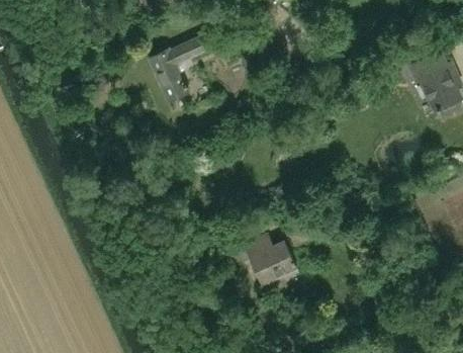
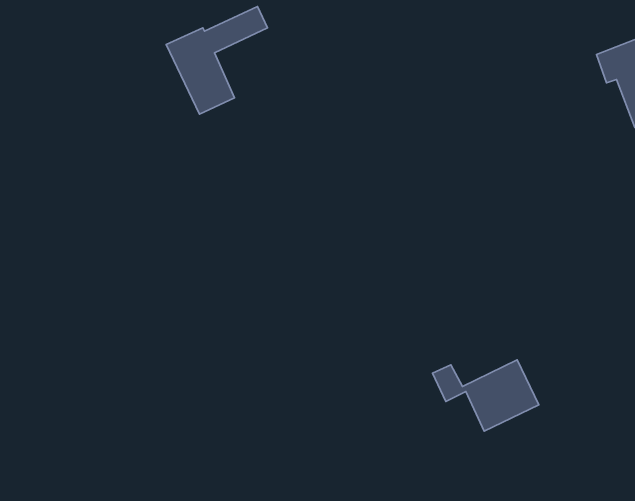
building: [229,240,294,283] -> [433,360,539,431]

